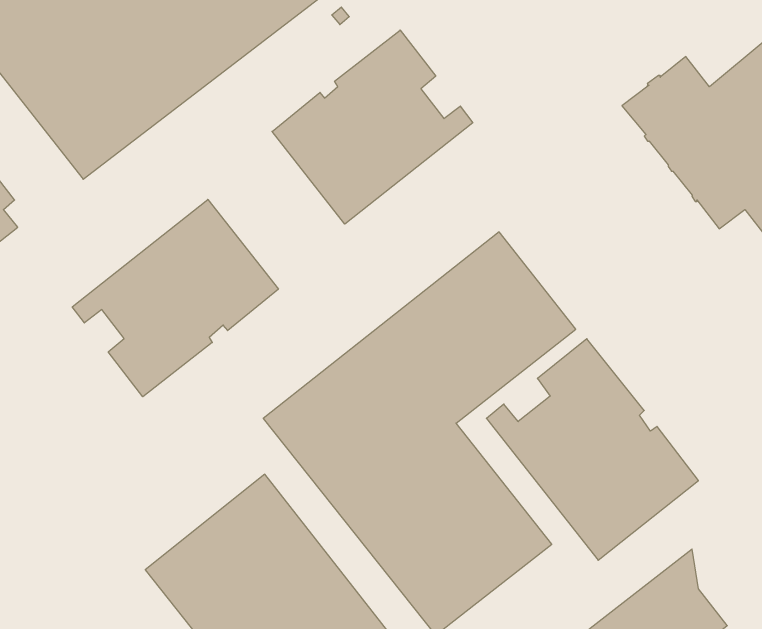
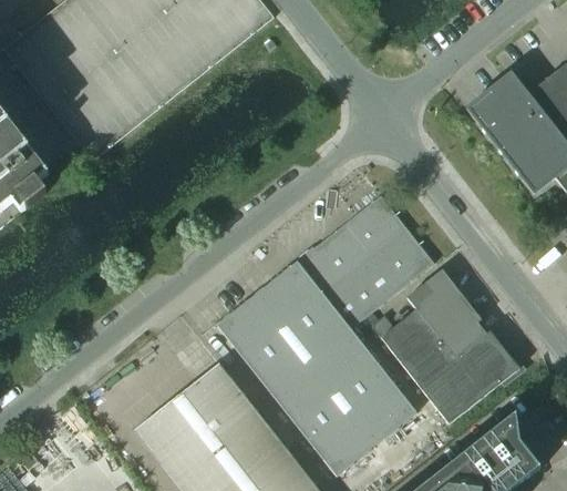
building: [272,30,473,224] -> none
building: [72,199,278,397] -> none

